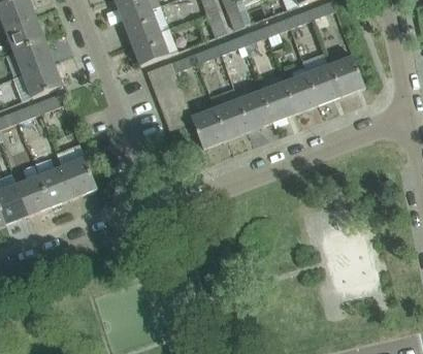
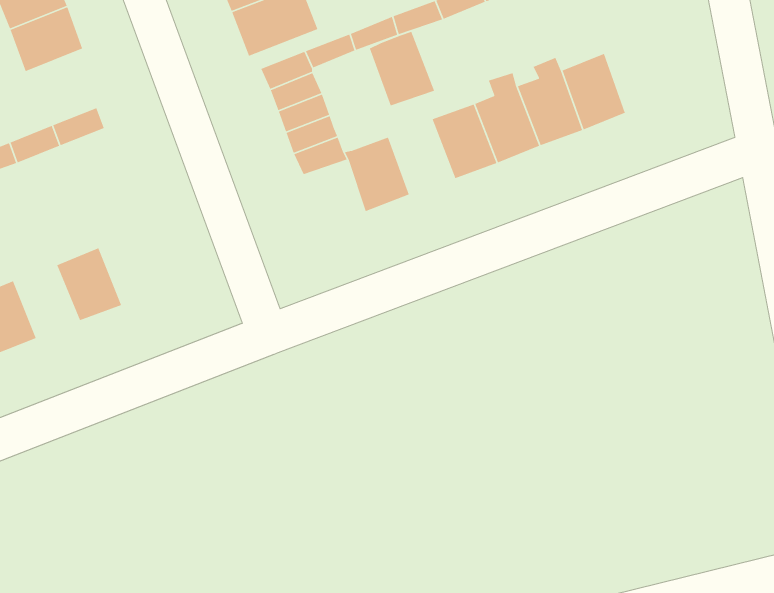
building: [329,56,364,96] -> none
building: [22,62,62,98] -> none
building: [215,99,250,139] -> [369,31,435,107]
building: [61,158,97,198] -> none
building: [15,176,51,216] -> none

